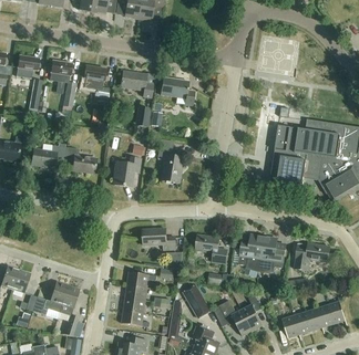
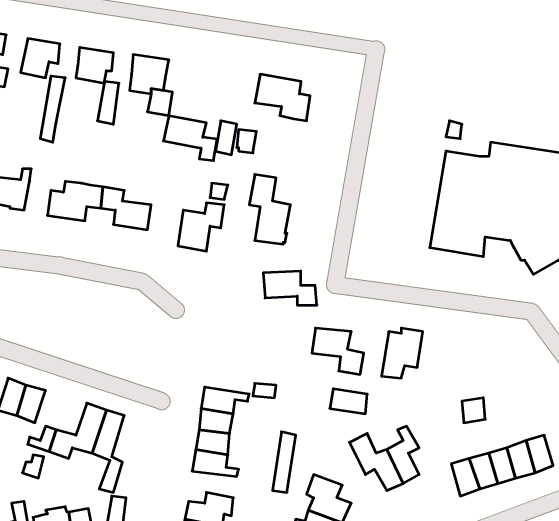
building: [121,71,154,98] -> [163,116,217,161]
building: [143,228,176,249] -> [263,271,317,305]
building: [259,237,287,271] -> none
building: [295,243,330,270] -> none
building: [183,284,212,319] -> none

